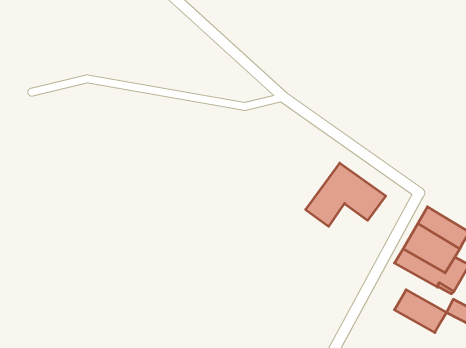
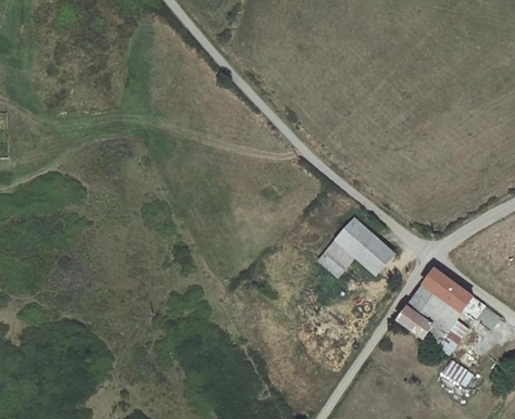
building: [394,290,447,333] -> none

